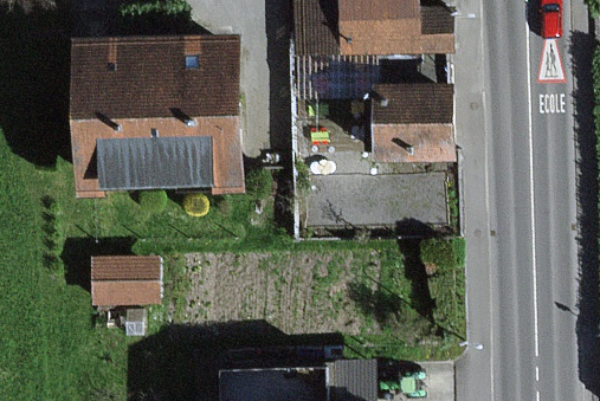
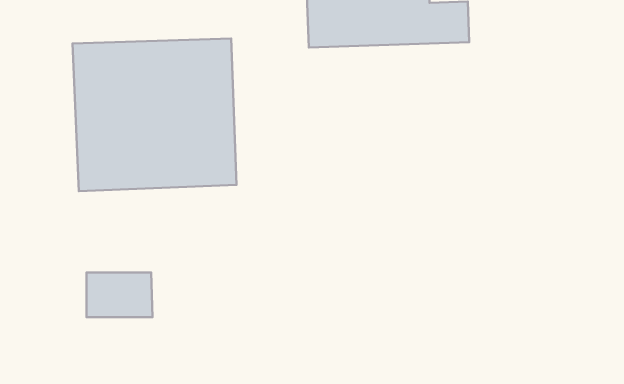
building: [378,88,452,147] -> none

